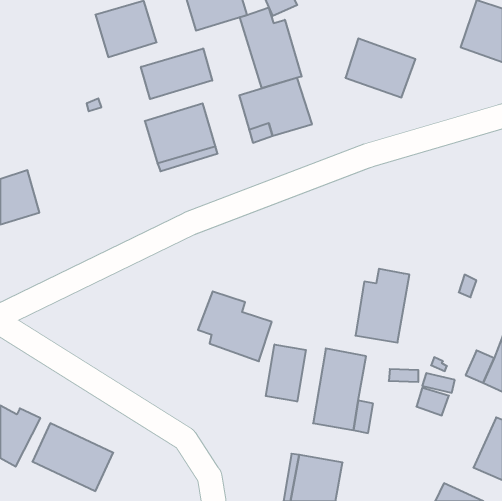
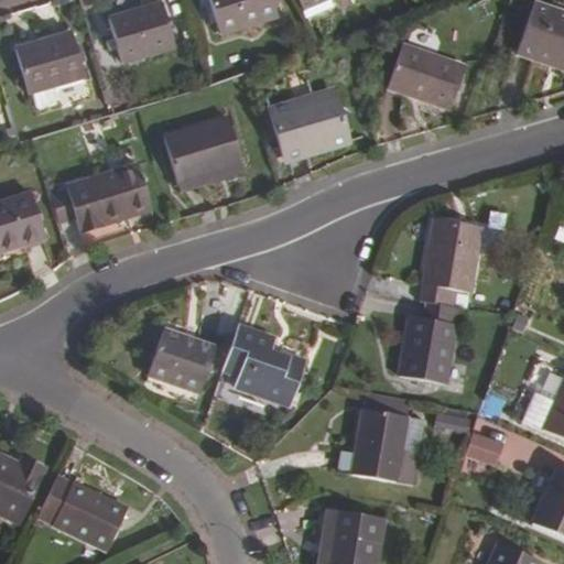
building: [240,8,302,88] -> none
building: none -> [15,31,85,93]
building: [141,48,212,99] -> none
building: none -> [48,162,151,232]
building: none -> [420,217,482,306]
building: none -> [148,327,216,392]
building: [266,344,306,402] -> none

